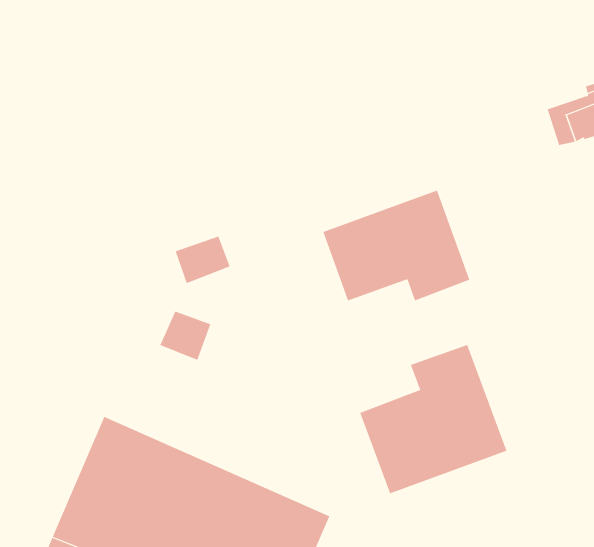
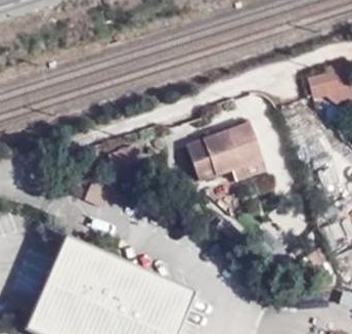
building: [359,344,507,494] -> none

